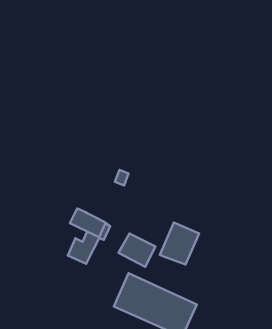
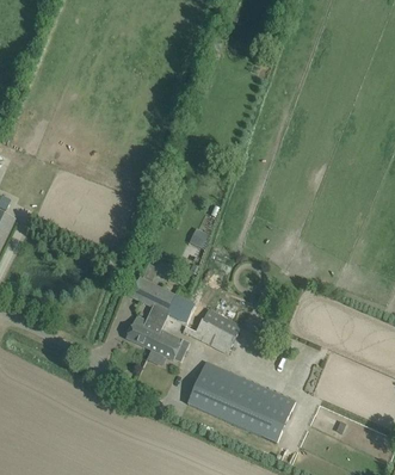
building: [160,222,199,264] -> none
building: none -> [152,328,191,362]

